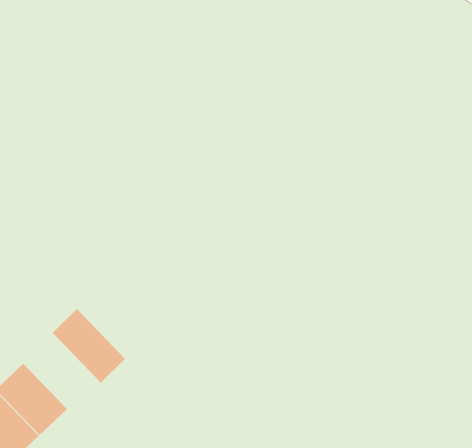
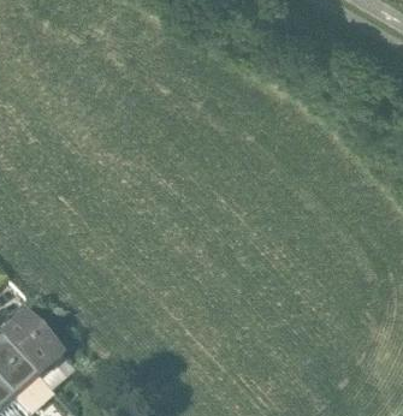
building: [52,308,126,383] -> none

